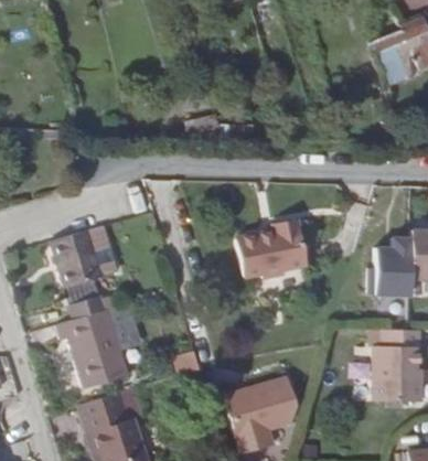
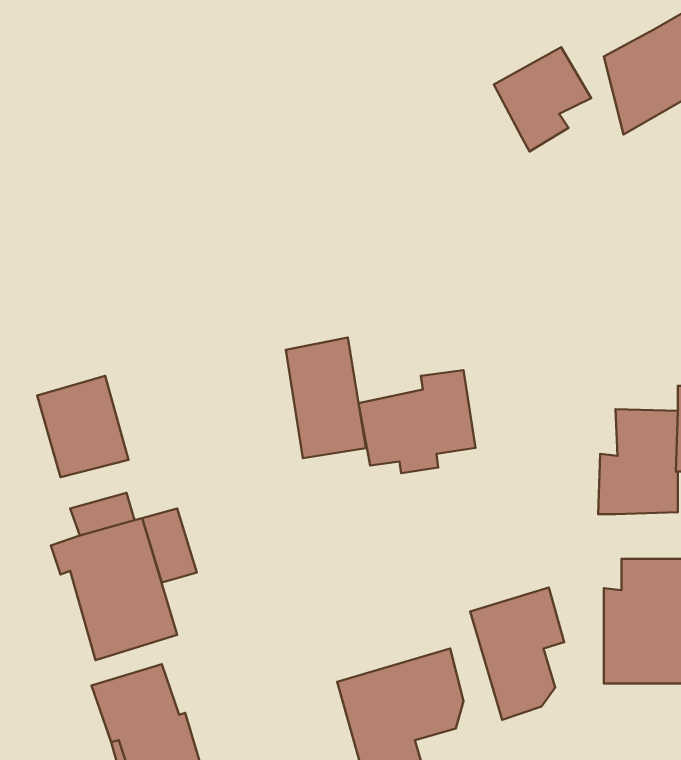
building: none -> [494,47,591,152]
building: none -> [286,338,366,458]
building: none -> [470,587,564,720]

